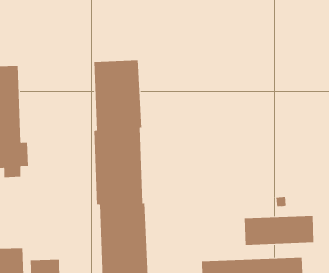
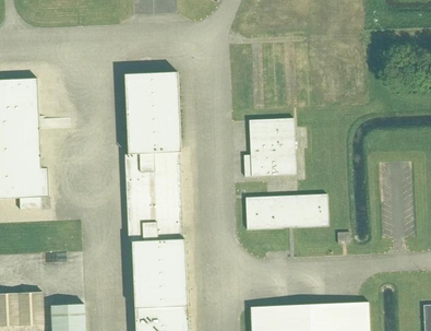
building: none -> [243,118,296,177]
building: [244,216,314,245] -> [246,194,327,229]

